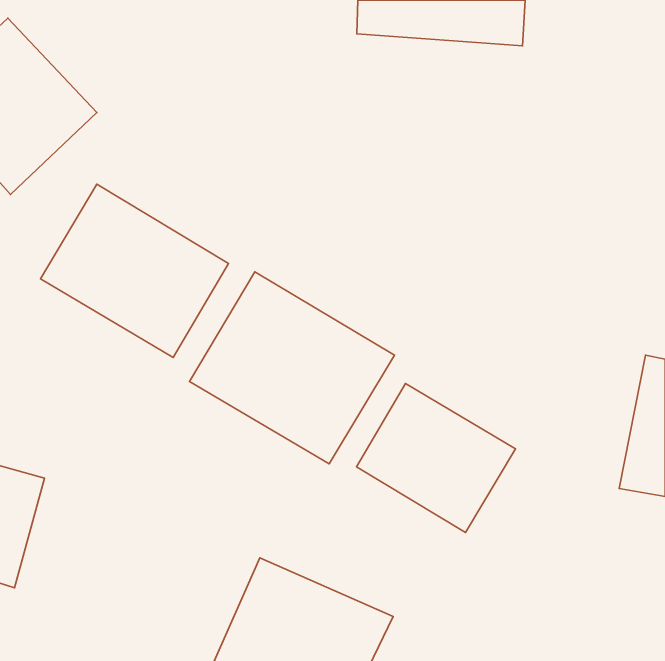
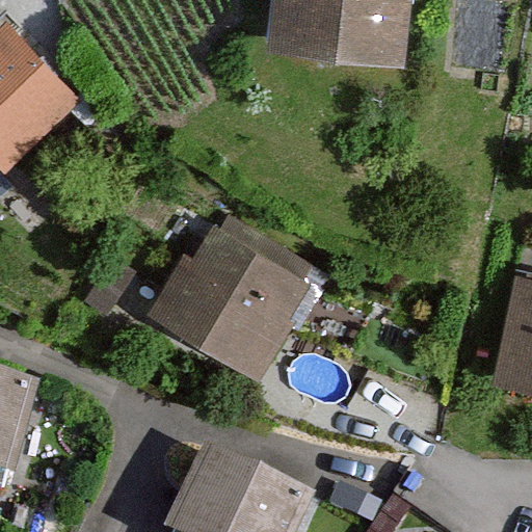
building: [40,184,228,358] -> none
building: [357,384,516,533] -> none

